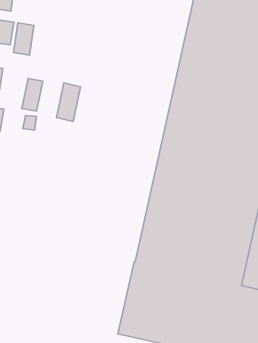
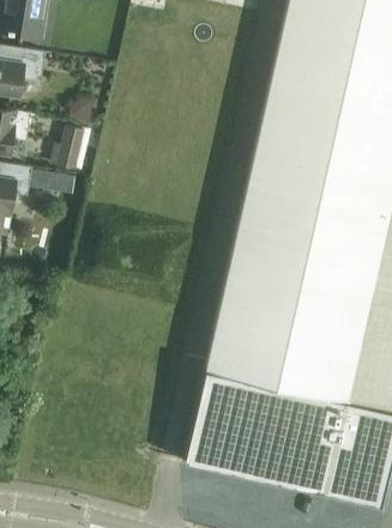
building: [13,23,34,55] -> none
building: [56,83,81,122] -> none

